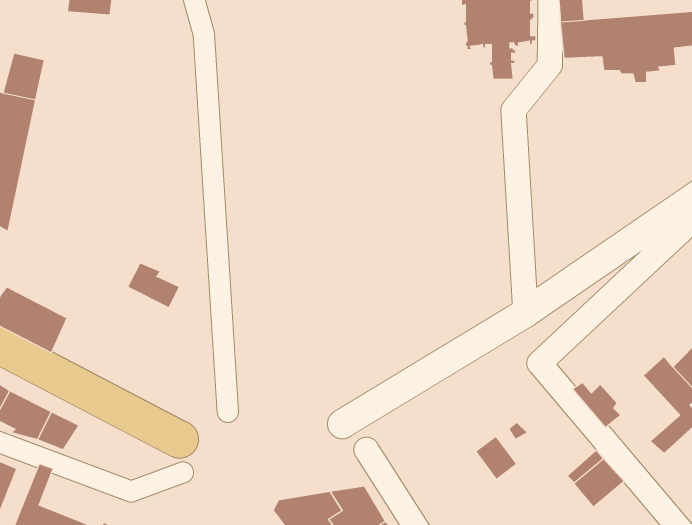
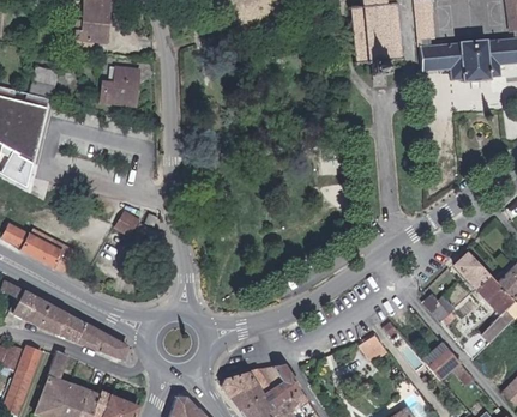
building: none -> [103,65,140,103]
building: none -> [452,250,489,289]
building: none -> [73,324,132,362]

